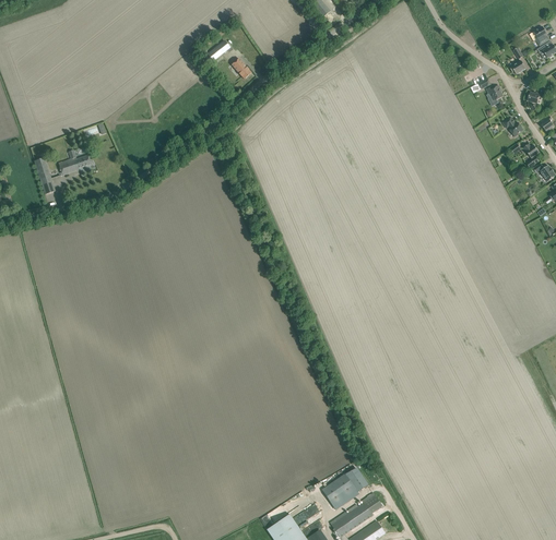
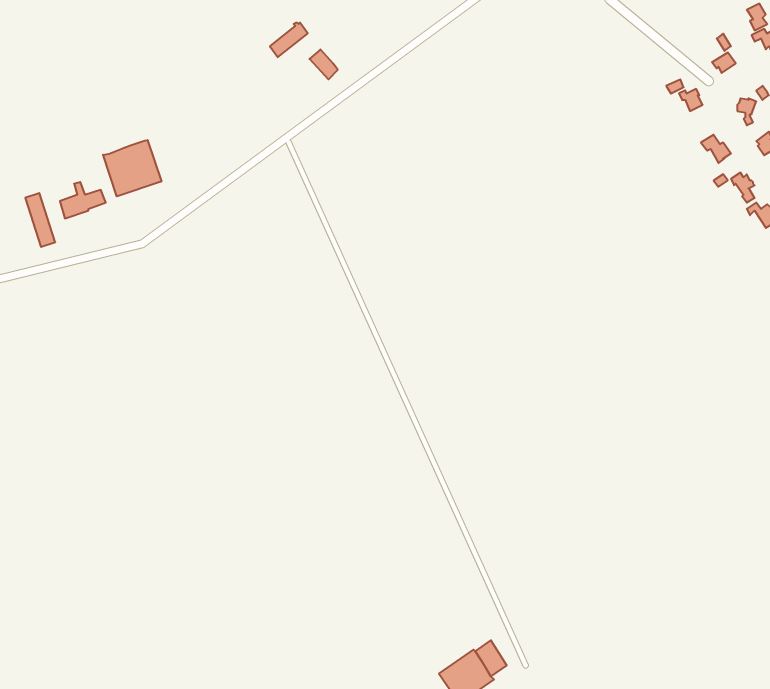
building: none -> [103,140,161,196]

